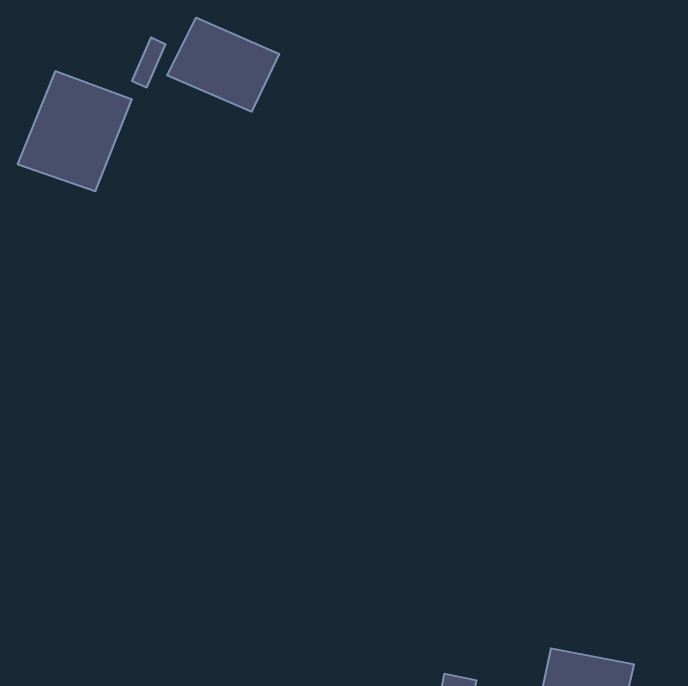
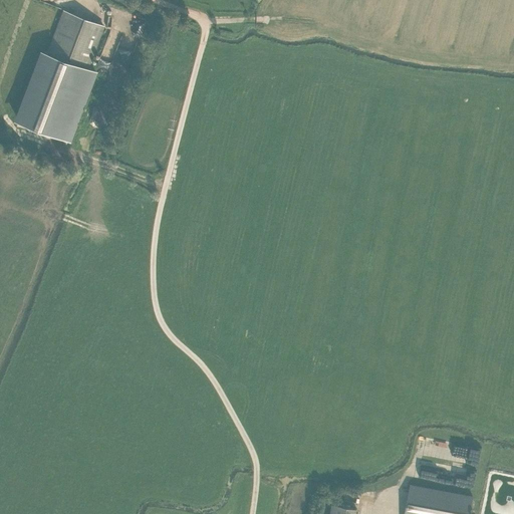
building: none -> [47,12,103,69]
building: [167,18,279,112] -> none

